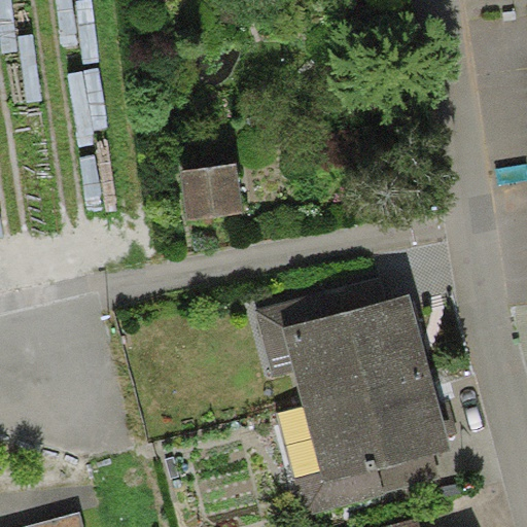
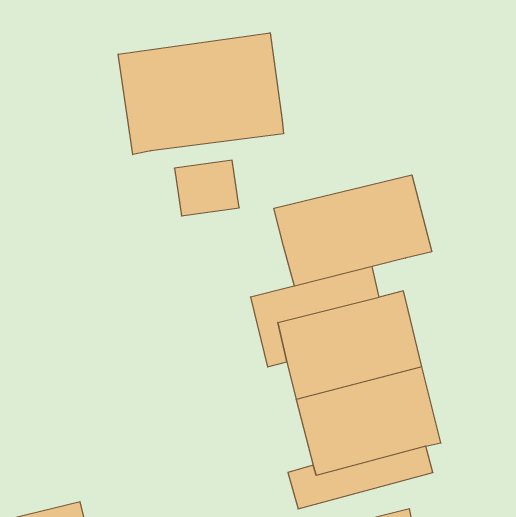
building: none -> [118,33,283,155]
building: none -> [274,175,432,286]

